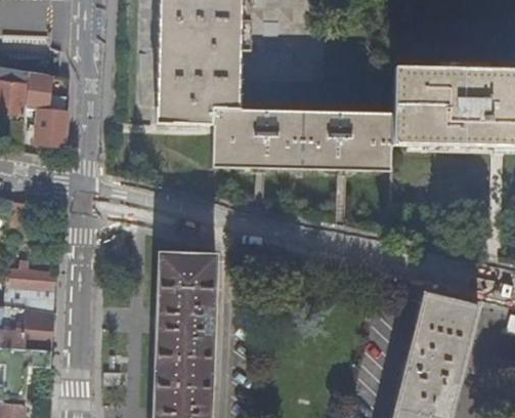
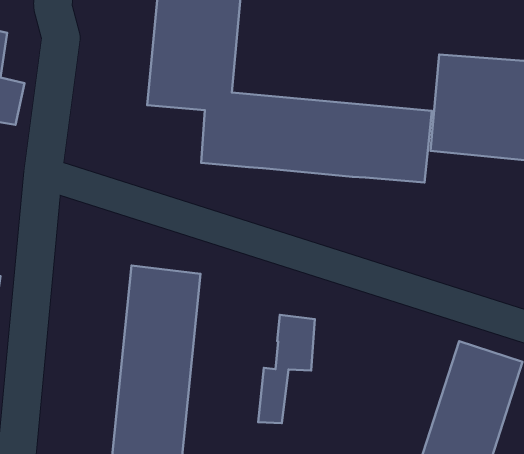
building: none -> [258,315,315,423]

